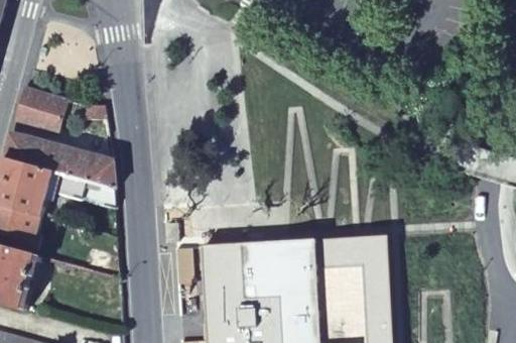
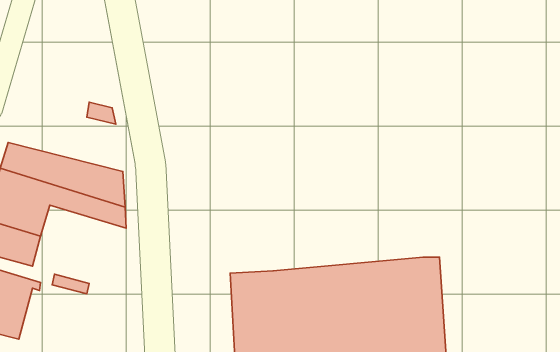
building: [12,84,67,131] -> none

